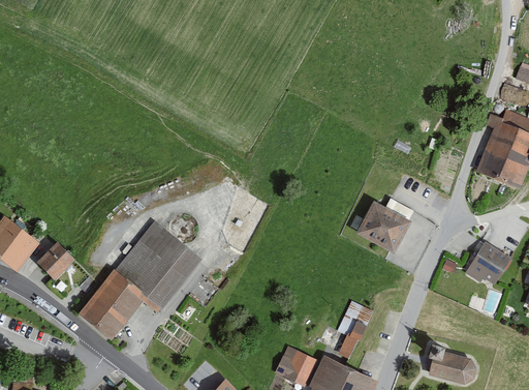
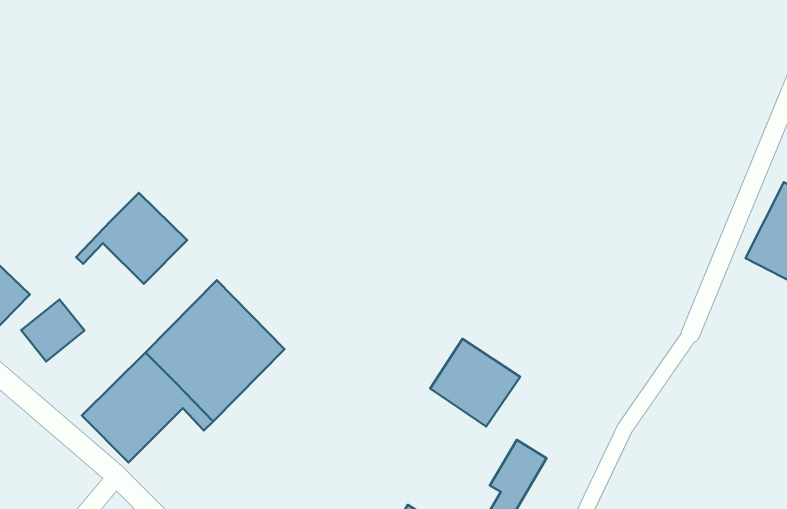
building: none -> [76,193,187,284]
building: [359,201,413,253] -> [430,339,520,427]
building: [465,242,508,282] -> none

